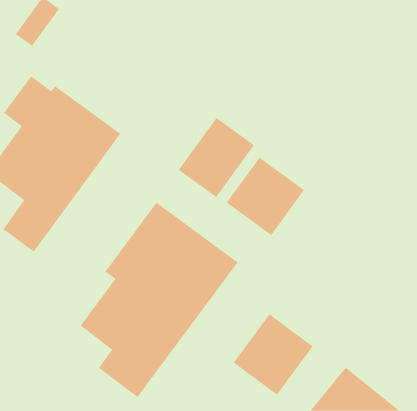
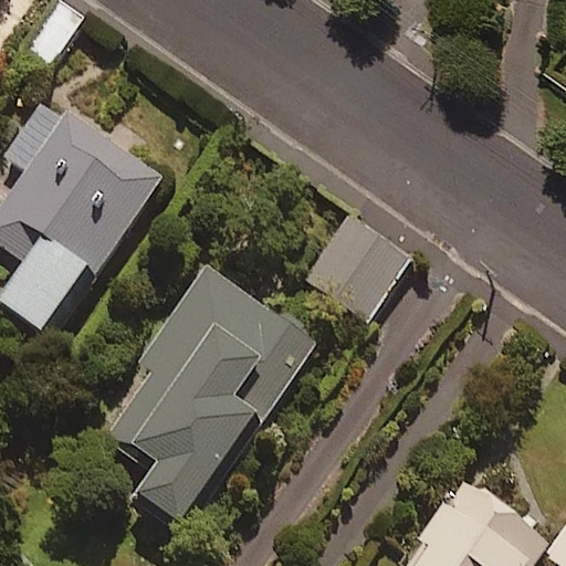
building: [178,117,255,198] -> none
building: [233,313,314,396] -> none

